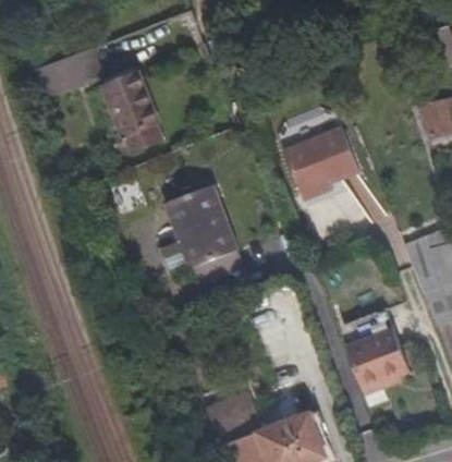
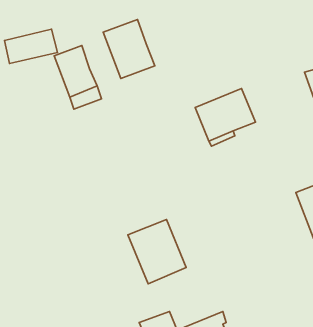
building: none -> [103,19,155,78]
building: [166,189,240,270] -> [128,219,186,284]
building: [346,329,407,391] -> none

